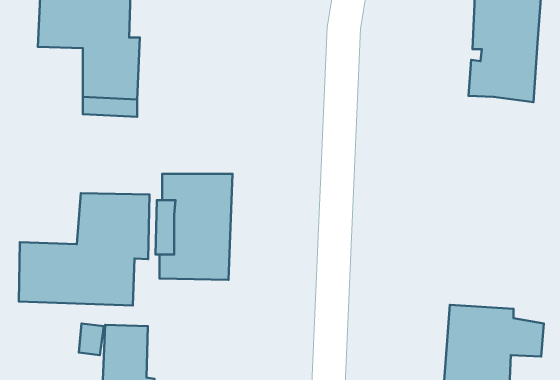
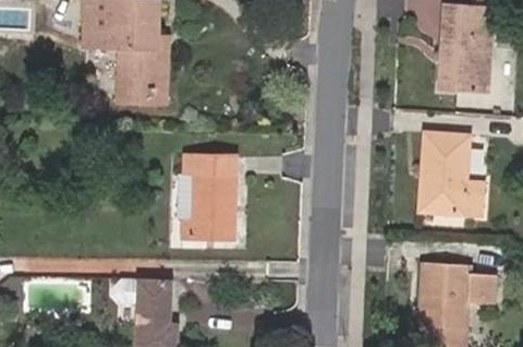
building: none -> [415,129,485,217]
building: [19,193,150,305] -> none

